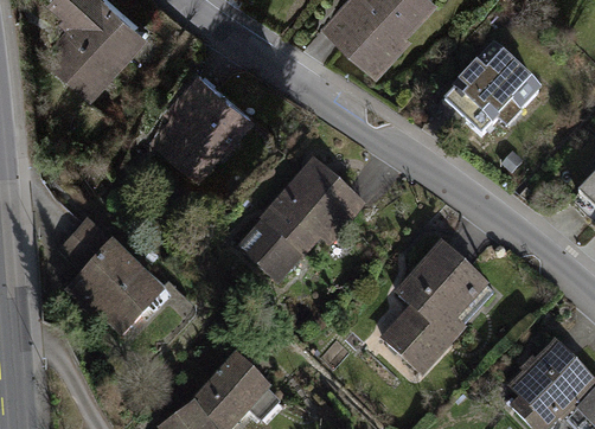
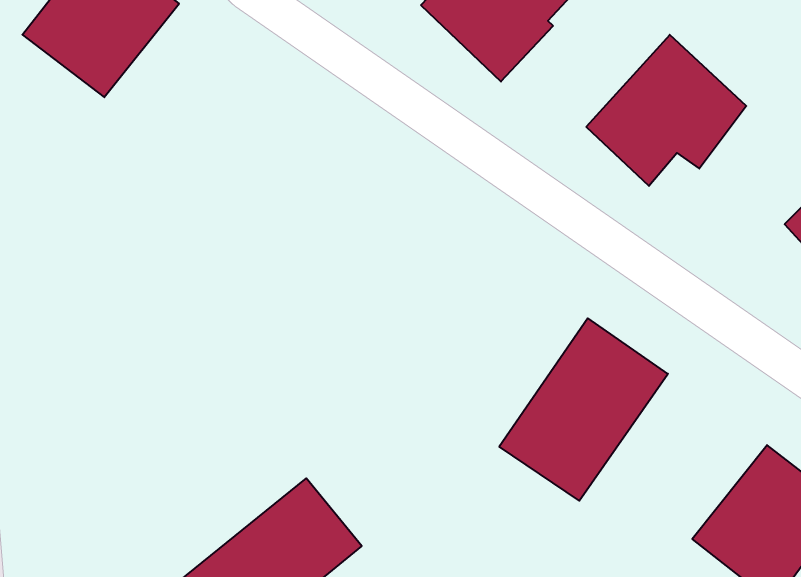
building: [151,72,256,180] -> none
building: [243,159,363,281] -> none
building: [60,217,174,331] -> none

